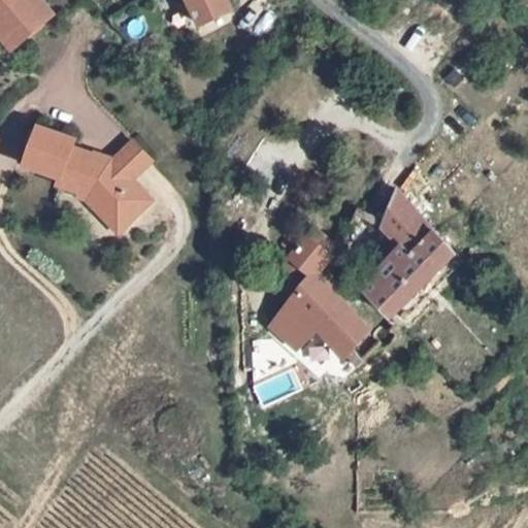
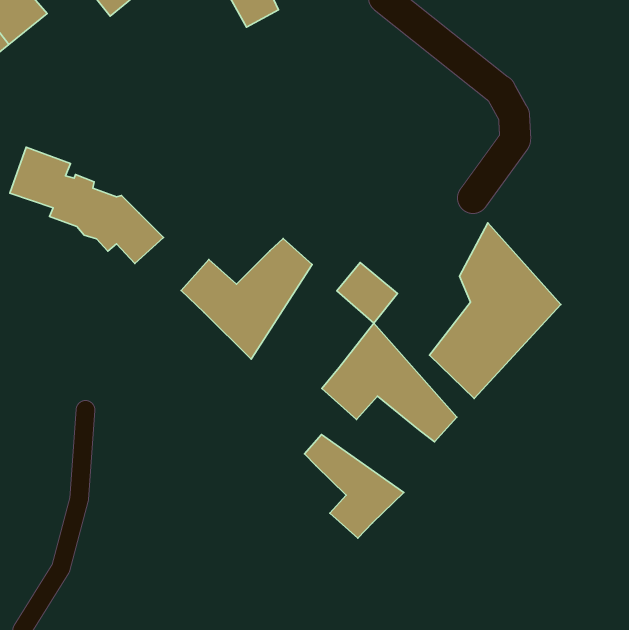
building: [77,139,135,177] -> none
building: none -> [181,239,312,359]
building: none -> [304,435,404,538]

